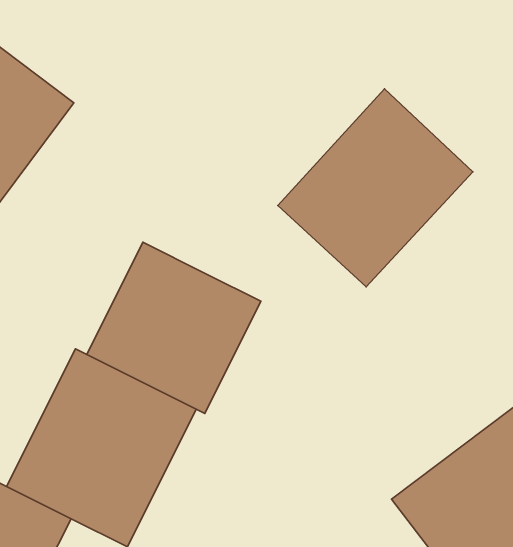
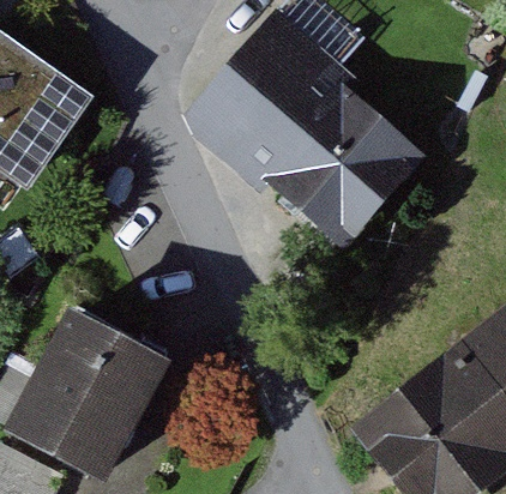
building: none -> [188,19,345,179]
building: [87,242,261,413] -> none

